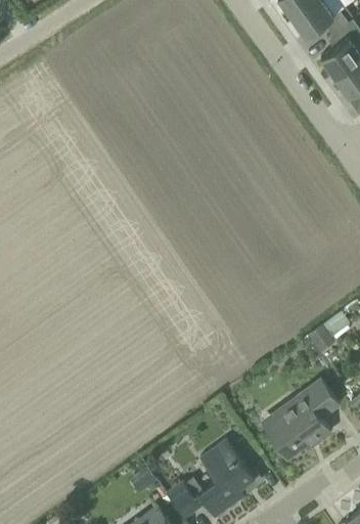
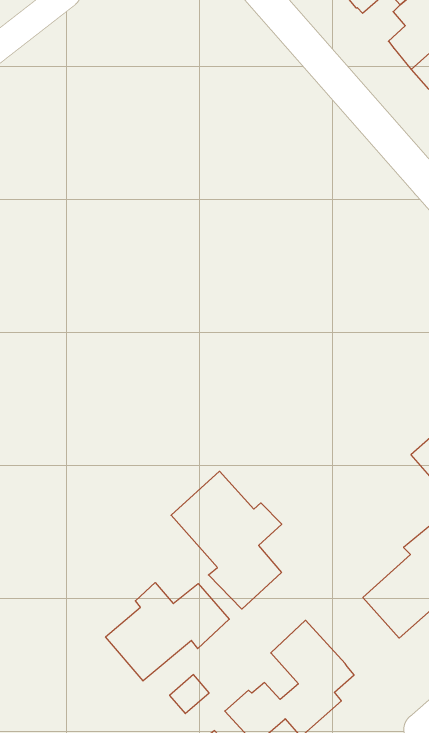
building: none -> [171,471,282,609]
building: none -> [106,583,229,681]

